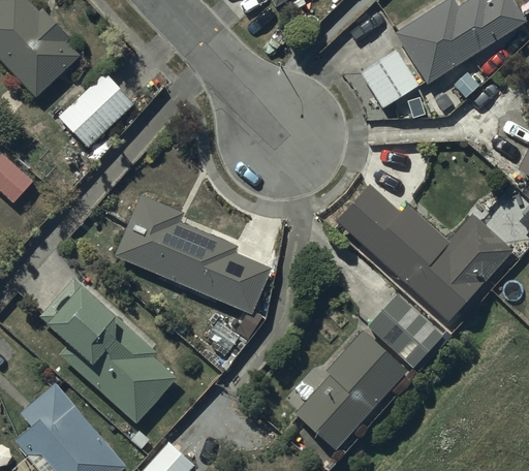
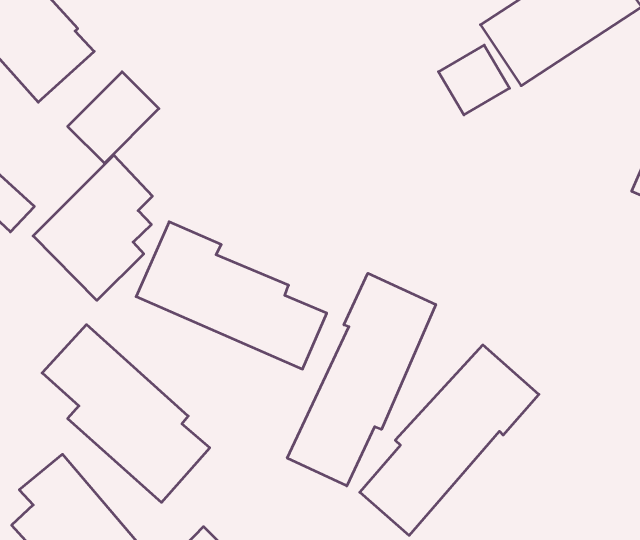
building: none -> [33,155,152,300]
building: [337,183,514,321] -> none
building: none -> [287,273,436,486]

